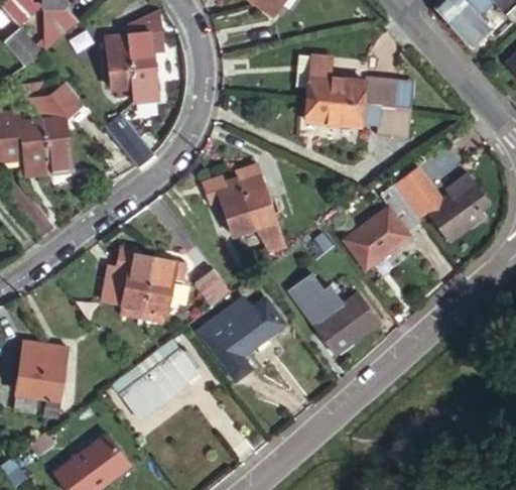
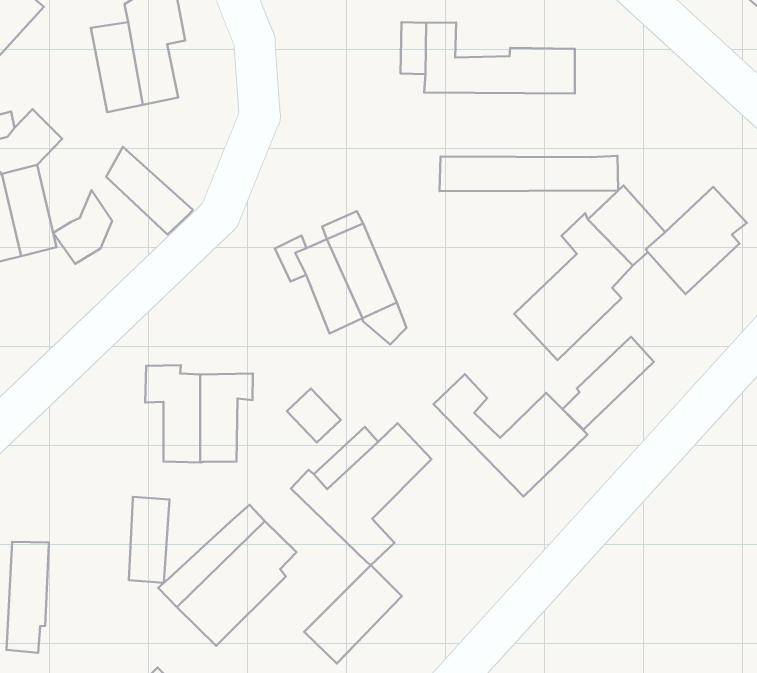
building: [302,99,413,132] -> [439,156,618,191]
building: none -> [53,190,112,264]
building: none -> [562,337,654,430]
building: [37,347,68,401] -> [129,497,169,583]
building: none -> [304,565,402,664]

